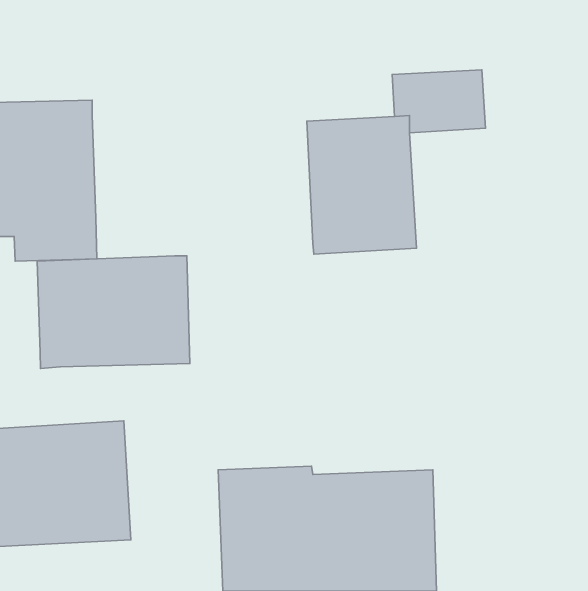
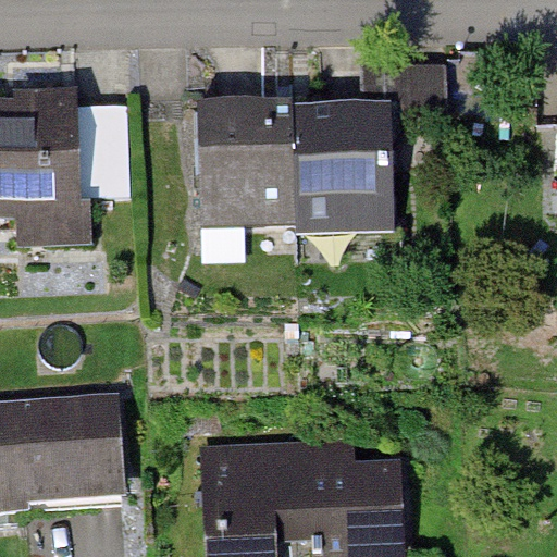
building: none -> [193,100,292,233]
building: none -> [86,107,136,203]
building: [37,256,190,368] -> none

